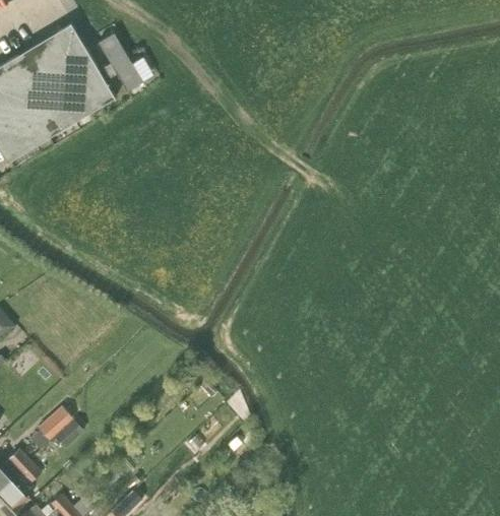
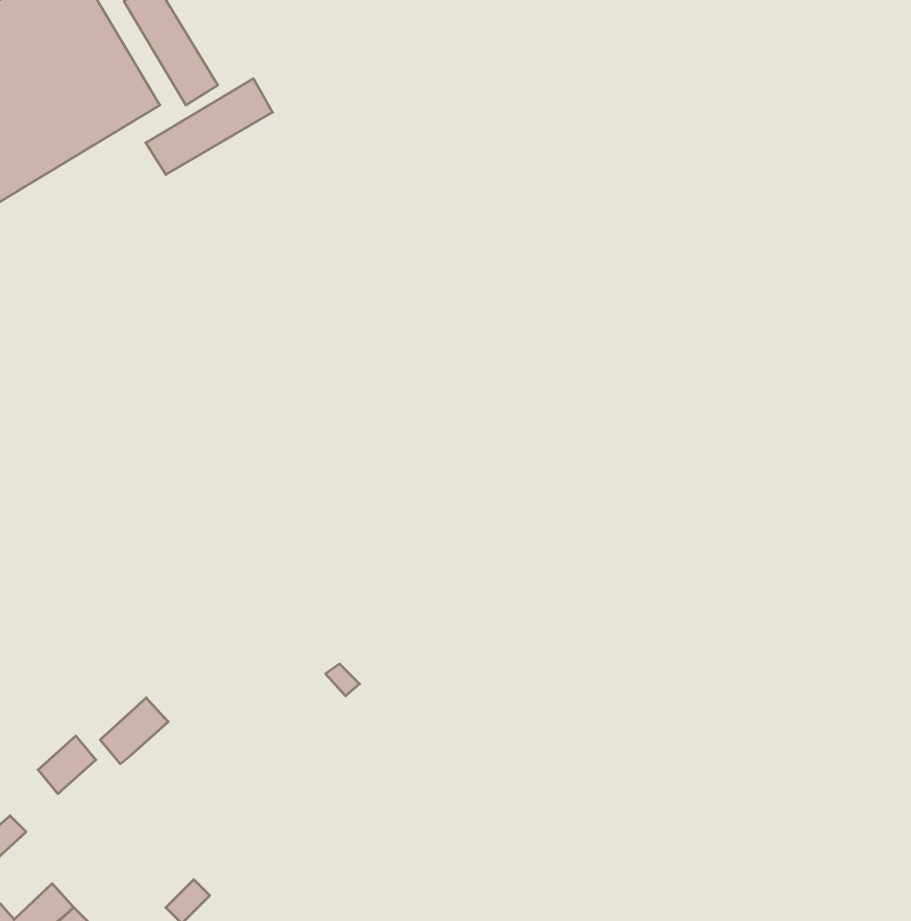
building: none -> [146,79,273,175]
building: [38,406,72,440] -> [100,698,168,764]

